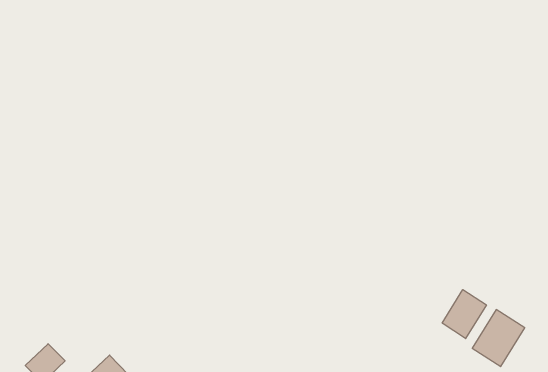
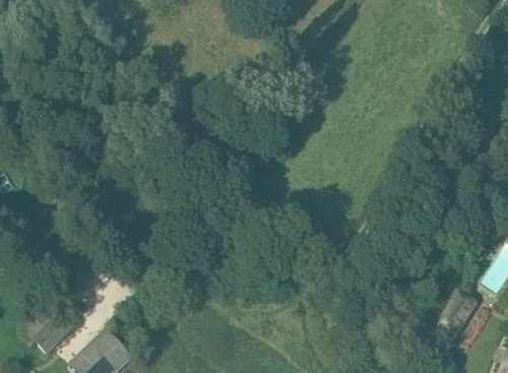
building: [442,290,486,339] -> none

